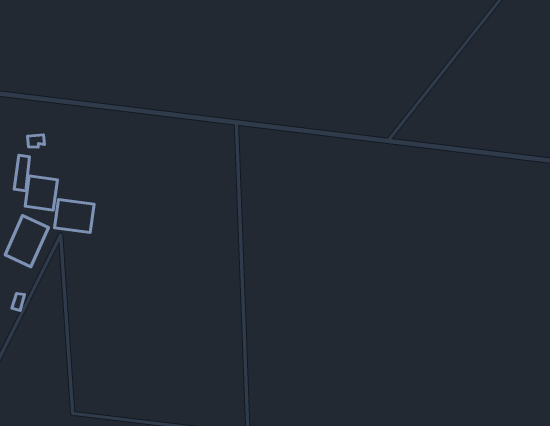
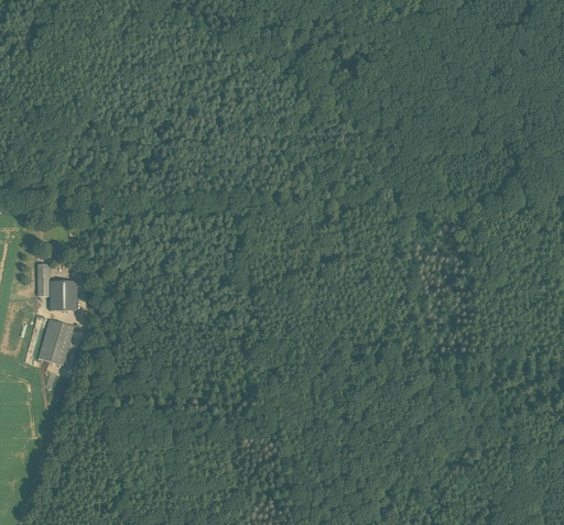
building: [55,199,94,233] -> none

